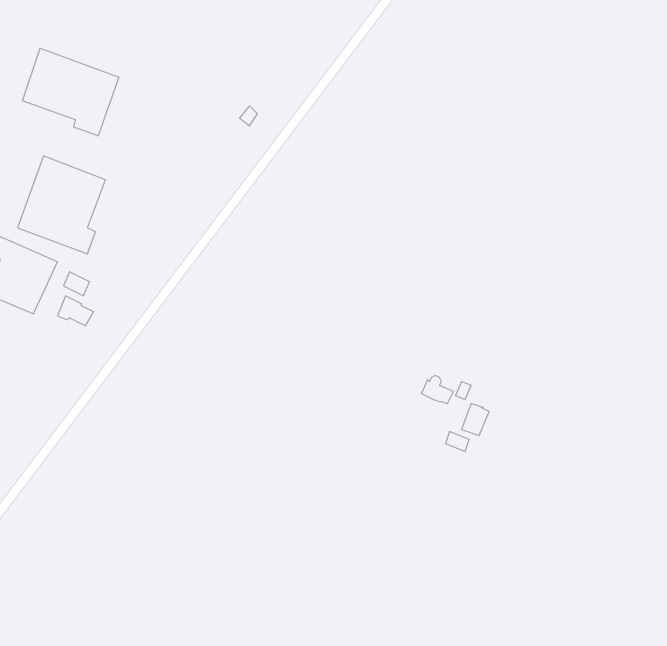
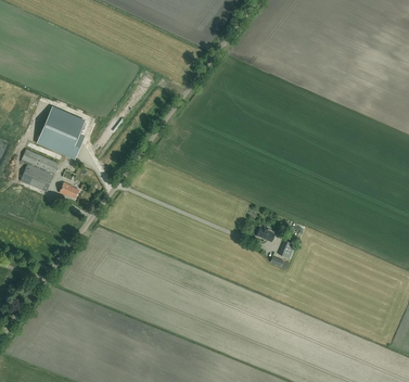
building: [22,48,119,136] -> none

